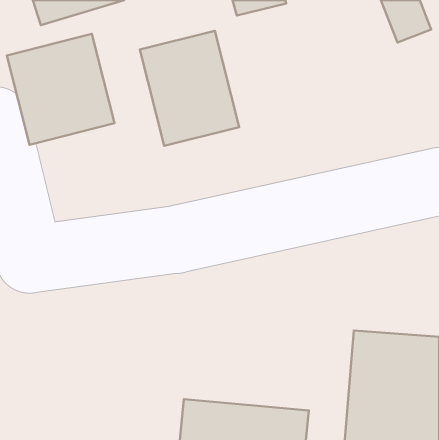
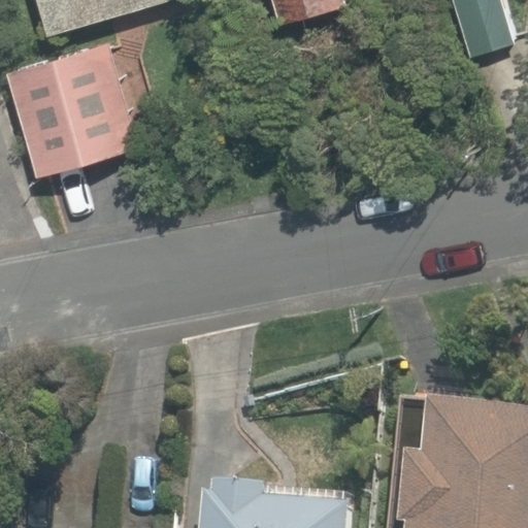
building: [140,31,239,146] -> none

